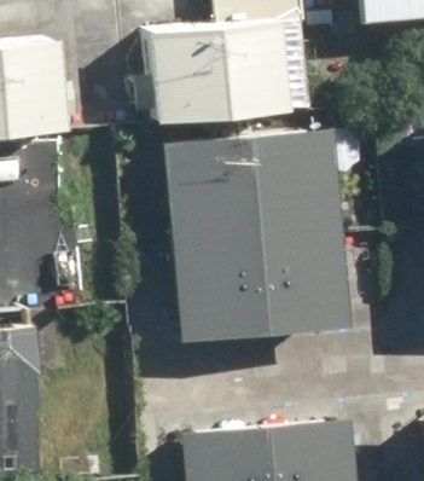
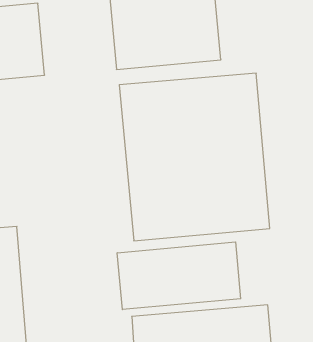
building: none -> [117,242,241,310]

